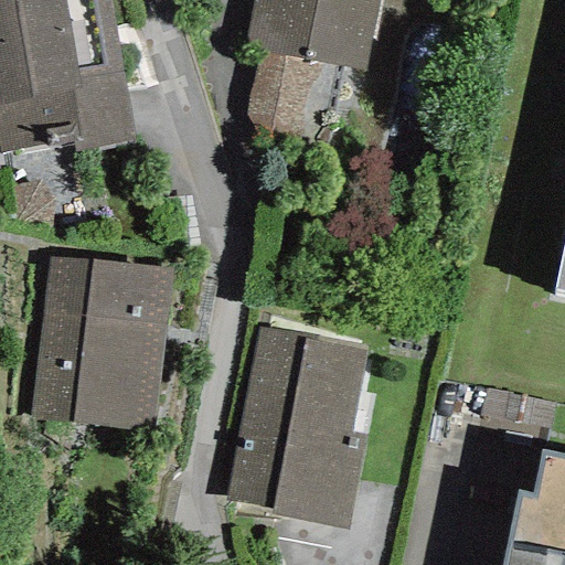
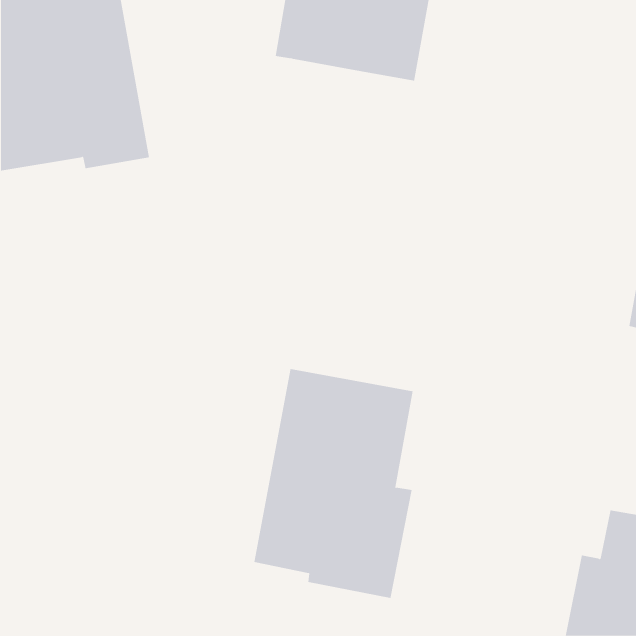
building: [248,52,319,146] -> none
building: [30,253,173,430] -> none

